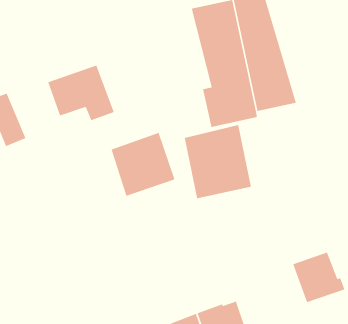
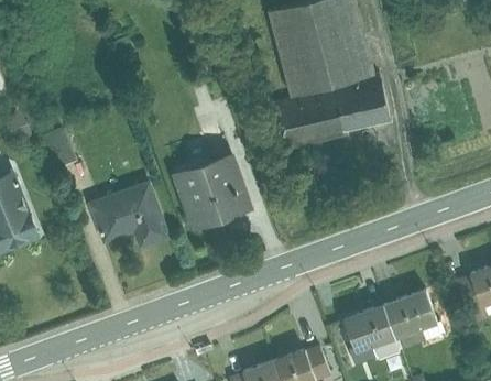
building: [47,65,115,121] -> [90,181,168,246]
building: [184,124,252,199] -> none
building: none -> [343,304,401,364]

